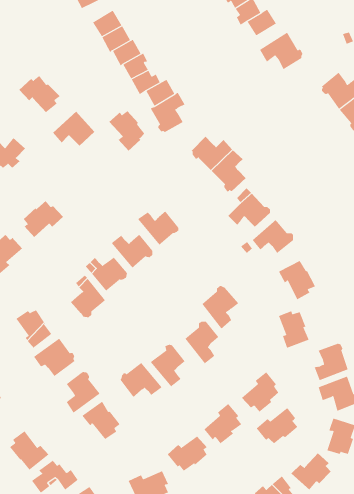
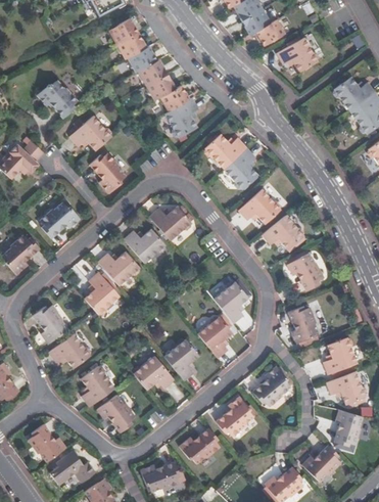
building: [109,110,145,151] -> [89,150,125,190]
building: [256,407,298,444] -> none

